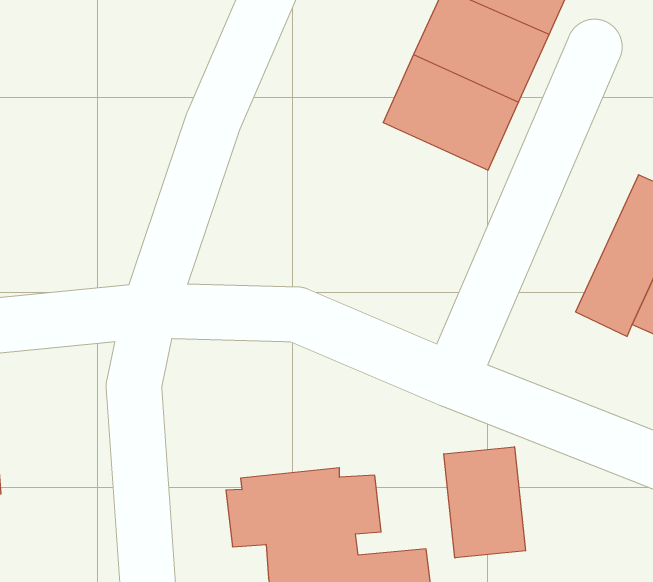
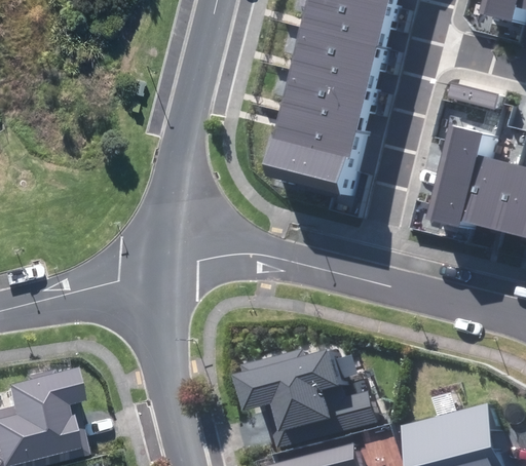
building: none -> [273,120,359,187]
building: [444,447,526,558] -> none

